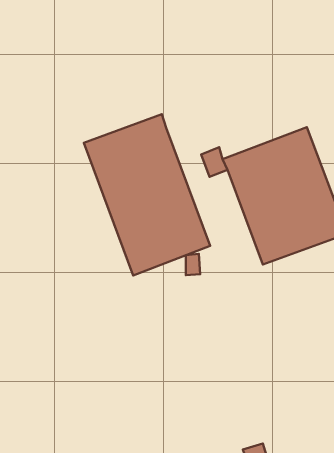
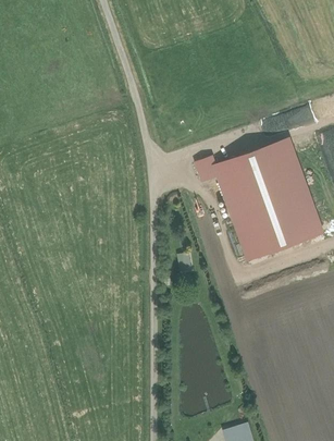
building: [84,114,210,276] -> none

